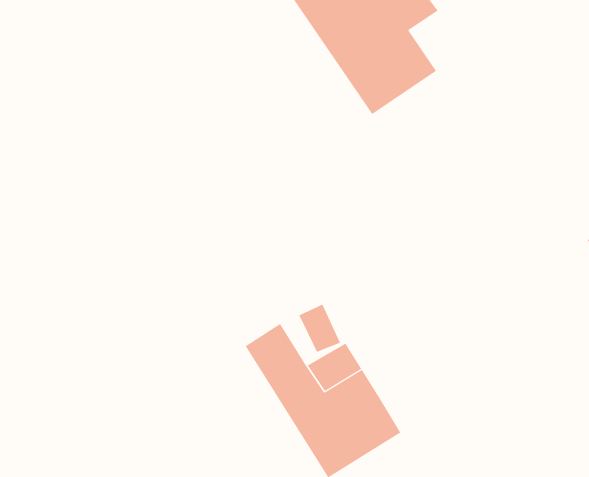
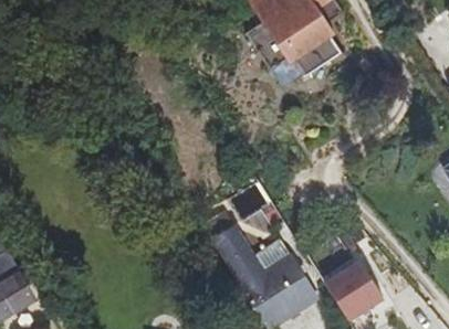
building: none -> [326,254,397,321]

